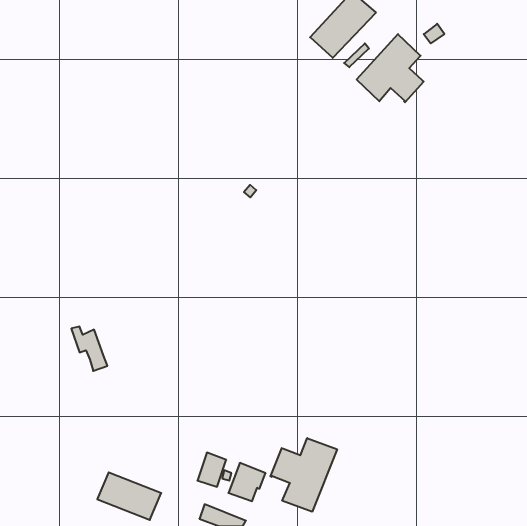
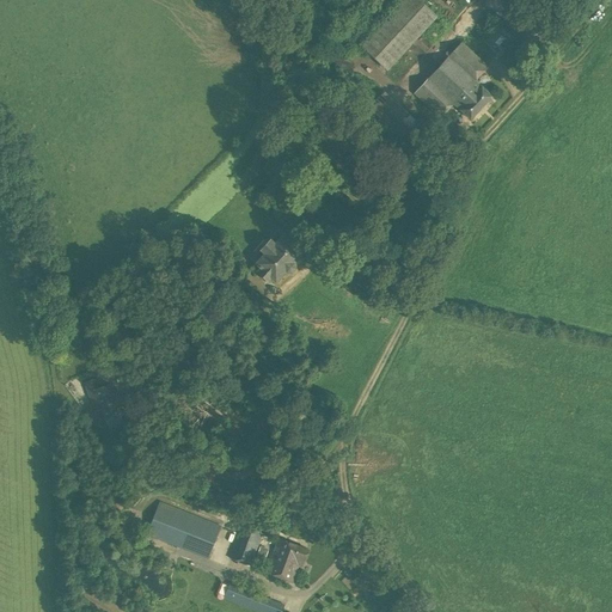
building: none -> [253,230,304,281]
building: [270,438,337,512] -> none
building: [97,472,161,520] -> [147,502,221,557]

